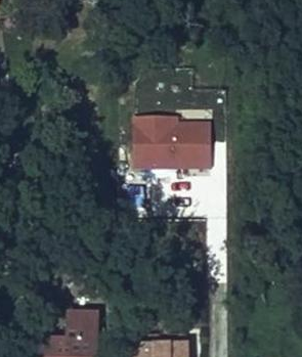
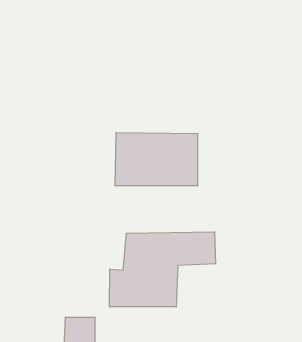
building: none -> [109,232,215,307]

